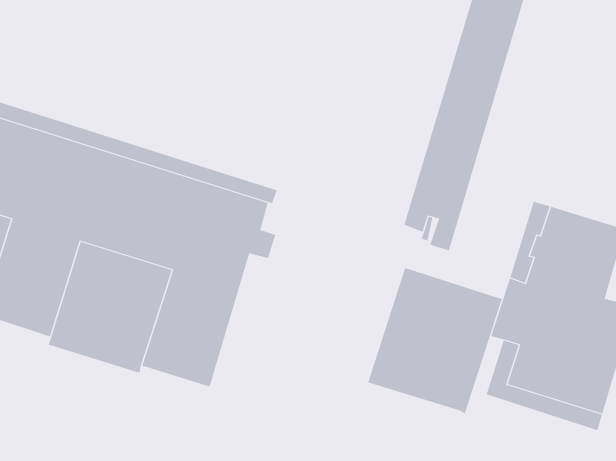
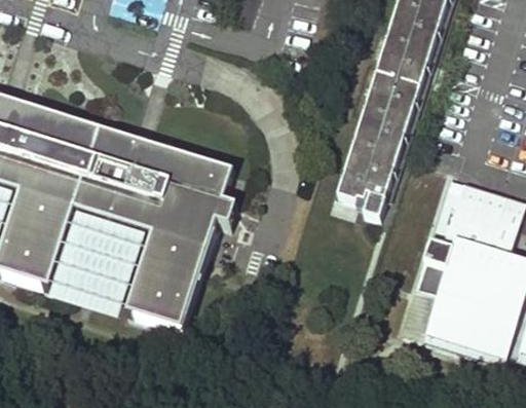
building: [367,267,503,414] -> none

